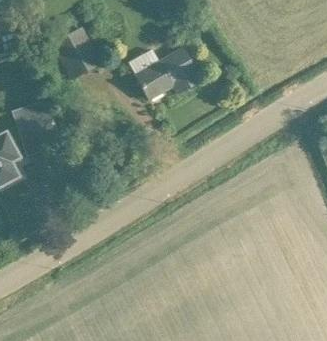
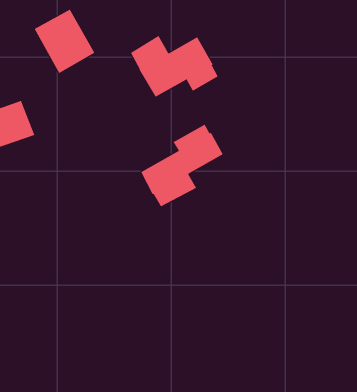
building: none -> [140,124,224,207]

